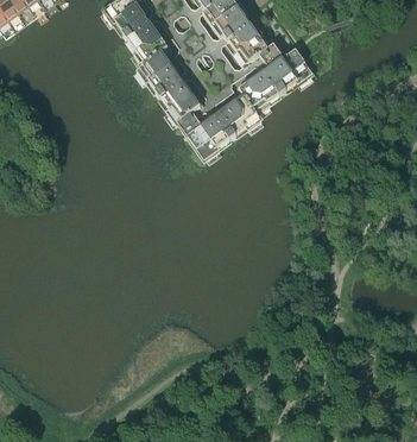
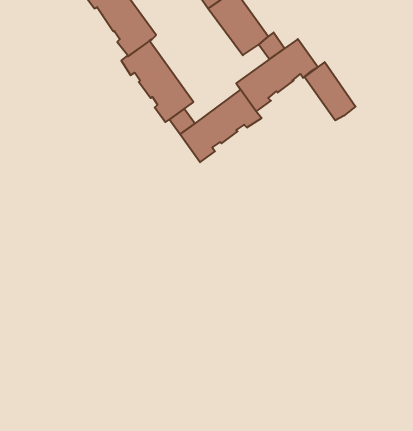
building: none -> [304,62,356,120]

